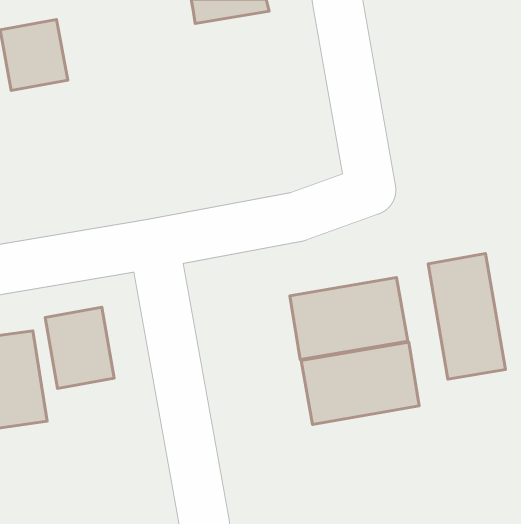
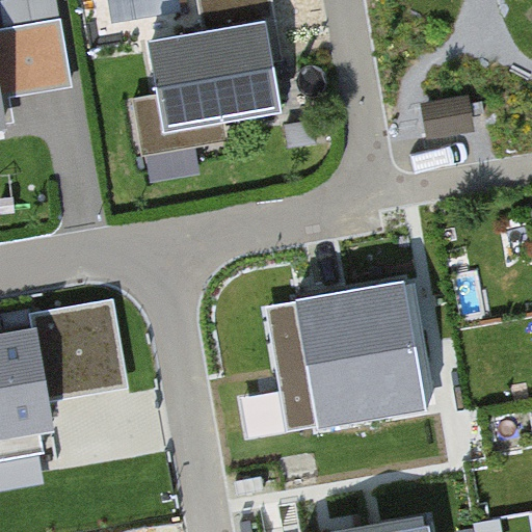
building: none -> [143,21,281,131]
building: [428,253,506,379] -> none

